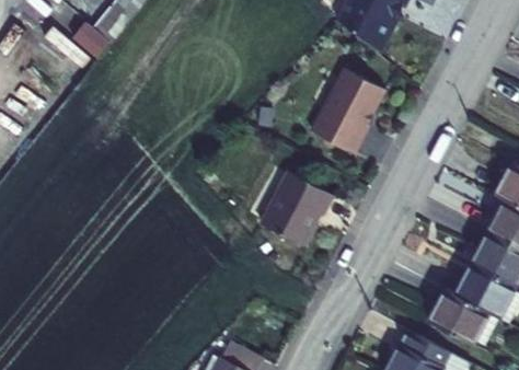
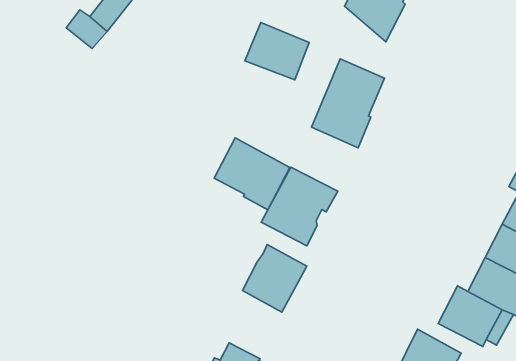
building: none -> [245,22,309,80]
building: none -> [214,138,290,210]
building: none -> [242,245,307,312]

